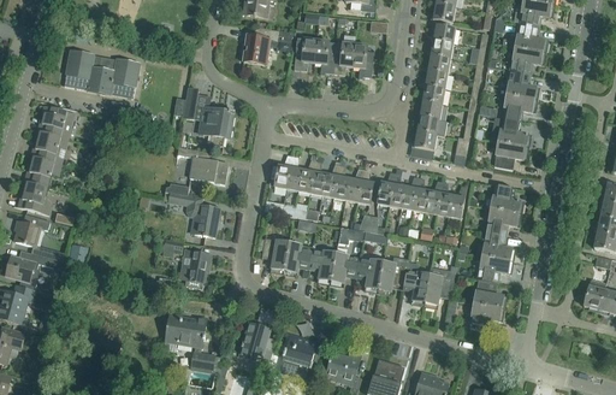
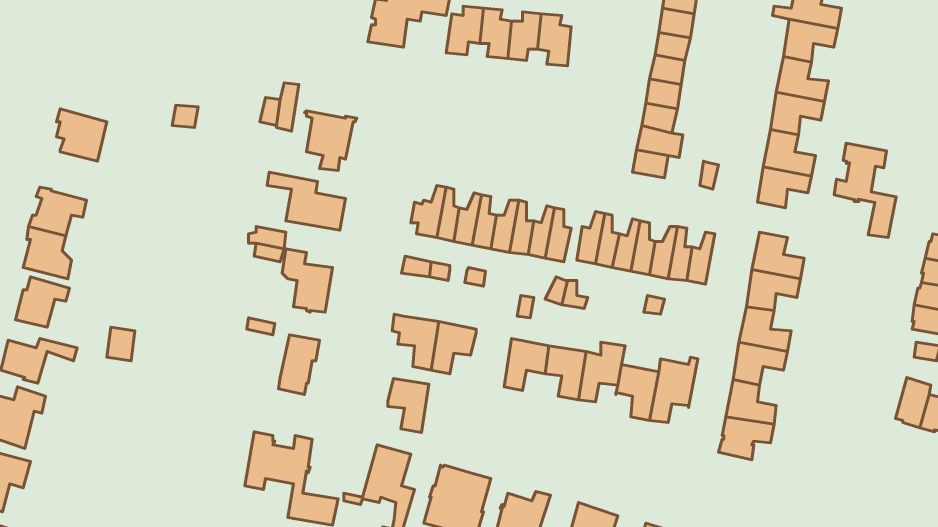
building: [64,49,141,98] -> none
building: none -> [834,143,896,238]
building: [35,130,69,164] -> none
building: [309,249,336,284] -> [388,378,429,433]

